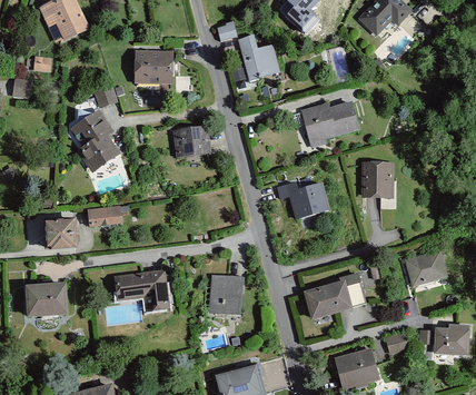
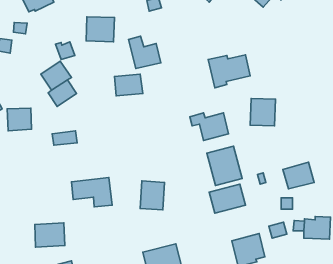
building: [237,34,281,79] -> [129,36,161,69]
building: [43,217,77,248] -> [7,108,32,131]
building: none -> [207,146,242,186]
building: [27,283,68,316] -> [35,223,65,247]

